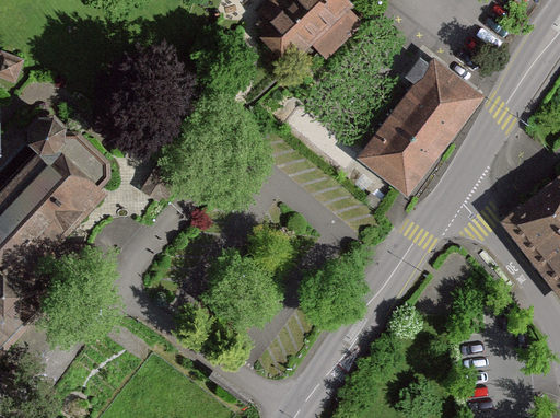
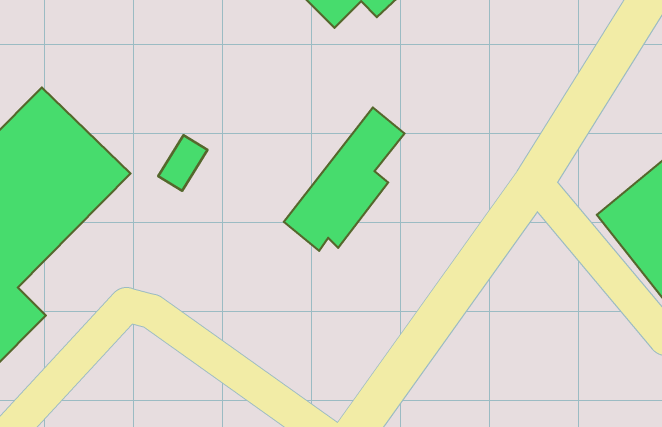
building: [358,56,479,190] -> none
building: none -> [284,107,405,251]

